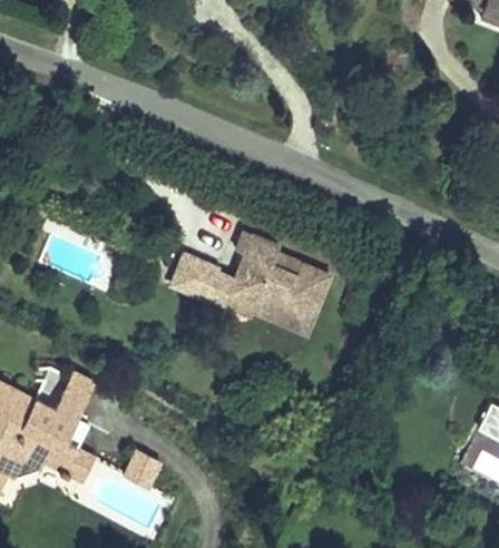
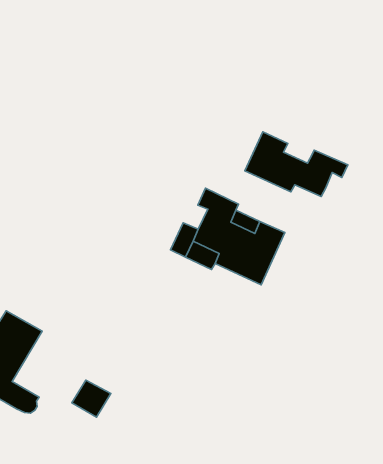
building: none -> [245,132,348,197]
building: [179,254,227,297] -> none

